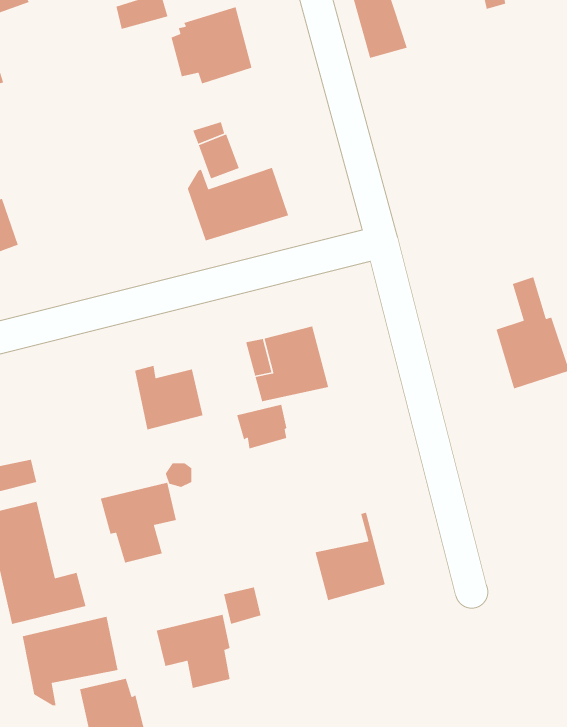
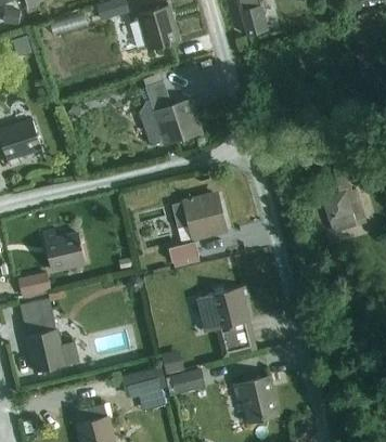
building: [134,365,204,430] -> [43,232,85,271]
building: none -> [195,287,248,332]
building: [100,482,177,564] -> none
building: [22,616,119,706] -> none
building: none -> [170,368,205,394]
building: none -> [232,378,276,421]

